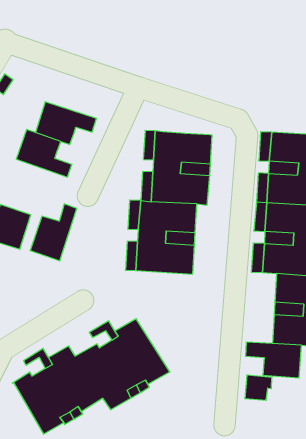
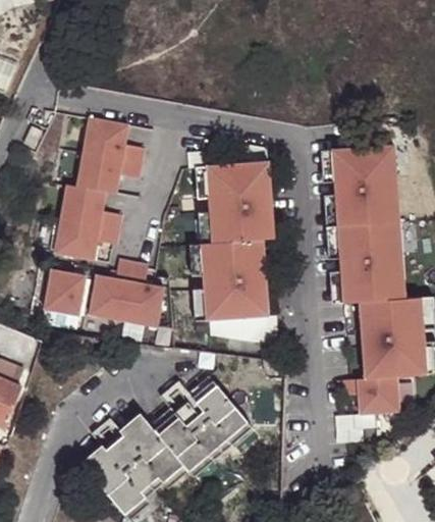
building: none -> [84,116,145,161]
building: none -> [54,216,118,258]
building: none -> [121,261,162,326]

